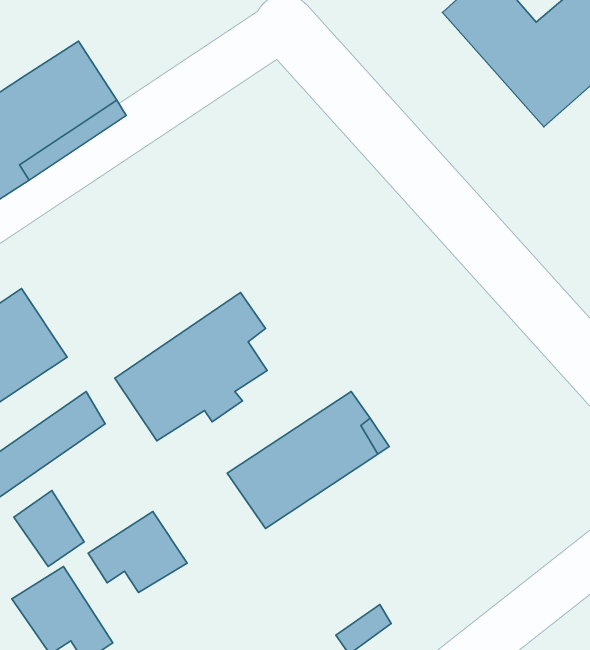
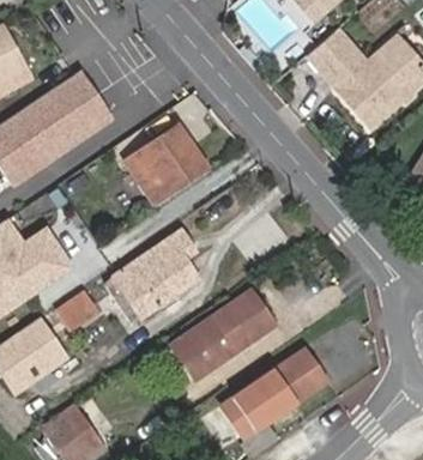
building: none -> [127,125,209,202]
building: none -> [223,347,327,437]
building: [88,511,187,592] -> none

